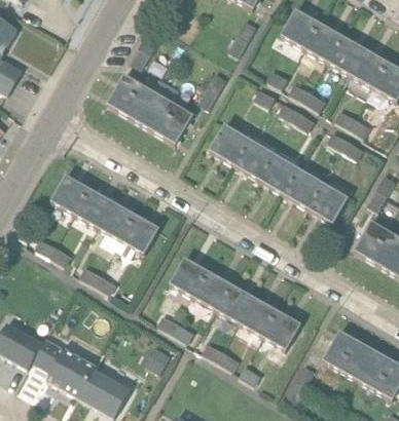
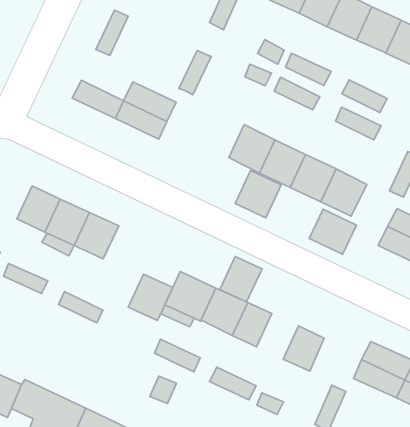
building: [115,73,158,109] -> none
building: [209,123,249,164] -> [235,170,281,218]
building: [120,214,159,254] -> [128,274,173,321]
building: none -> [309,209,356,254]
building: [243,299,280,338] -> [220,256,262,302]

